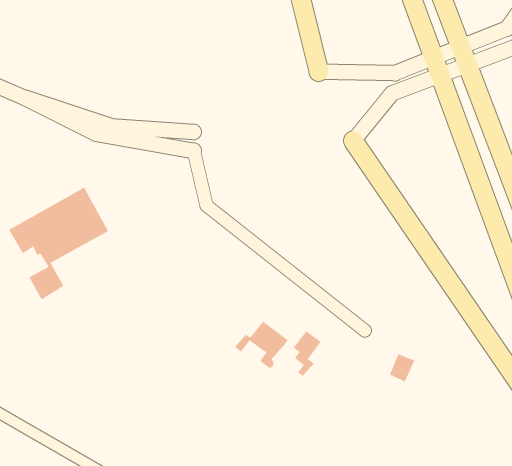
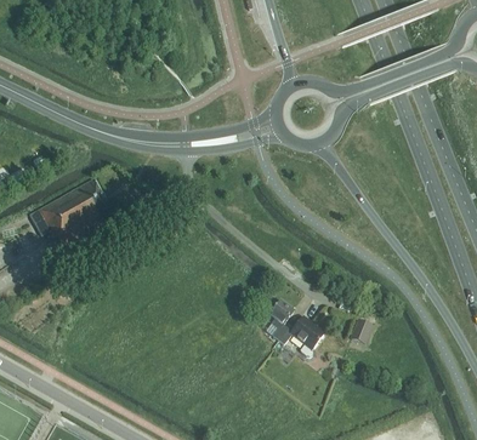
building: [234,321,289,368] -> [277,315,323,355]

